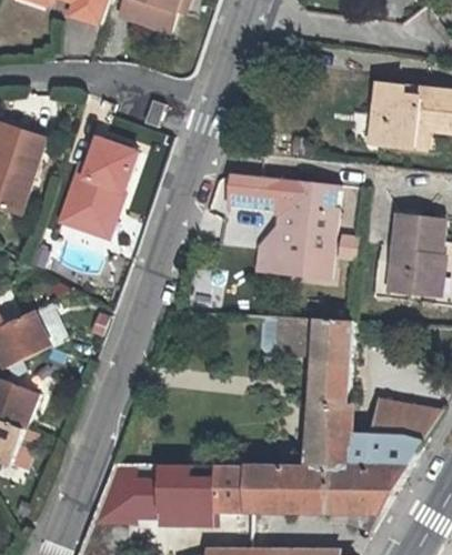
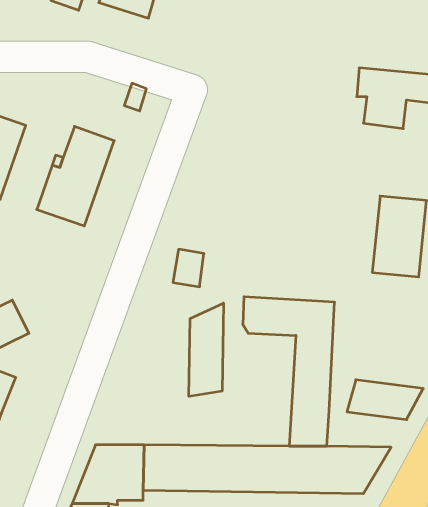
building: [231,173,342,281] -> none
building: none -> [189,303,223,396]
building: [346,430,426,466] -> none

